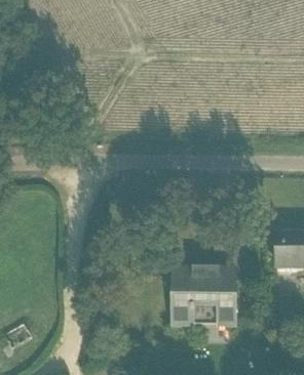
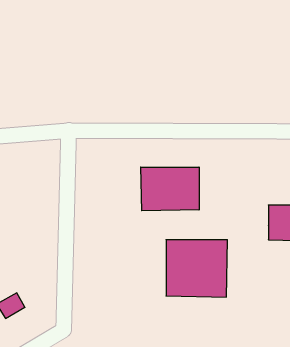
building: none -> [141,167,199,211]

